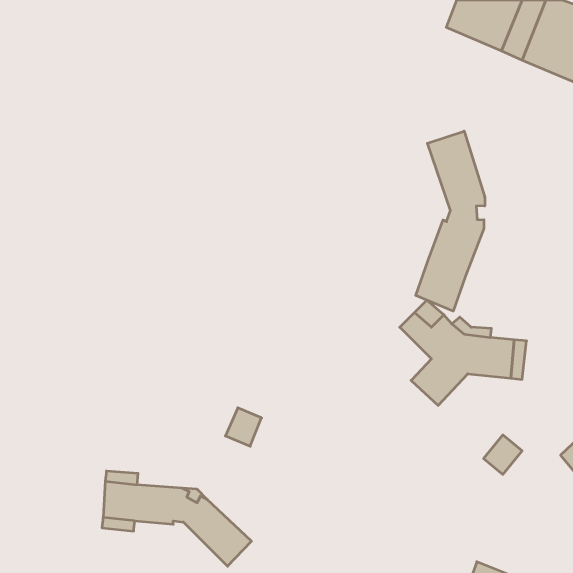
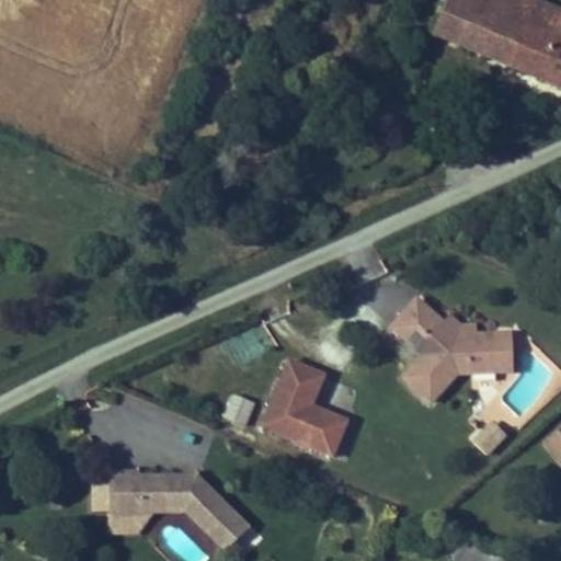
building: [416,131,485,311] -> none
building: none -> [264,357,344,455]

